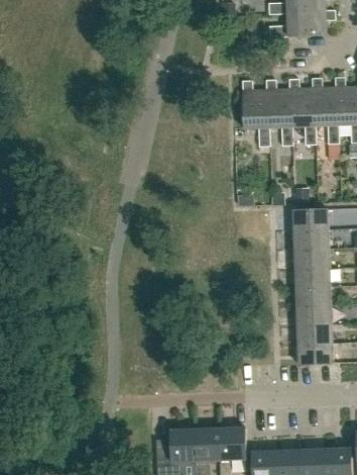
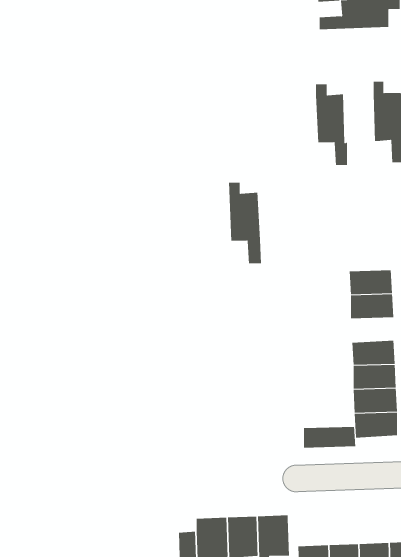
building: [288,79,316,146] -> none
building: [242,81,269,147] -> [228,182,262,264]
building: [292,209,328,230] -> none
building: [294,268,330,288] -> none
building: none -> [304,426,356,448]

